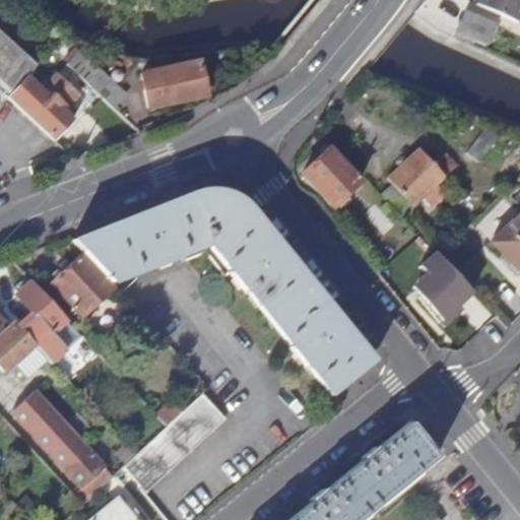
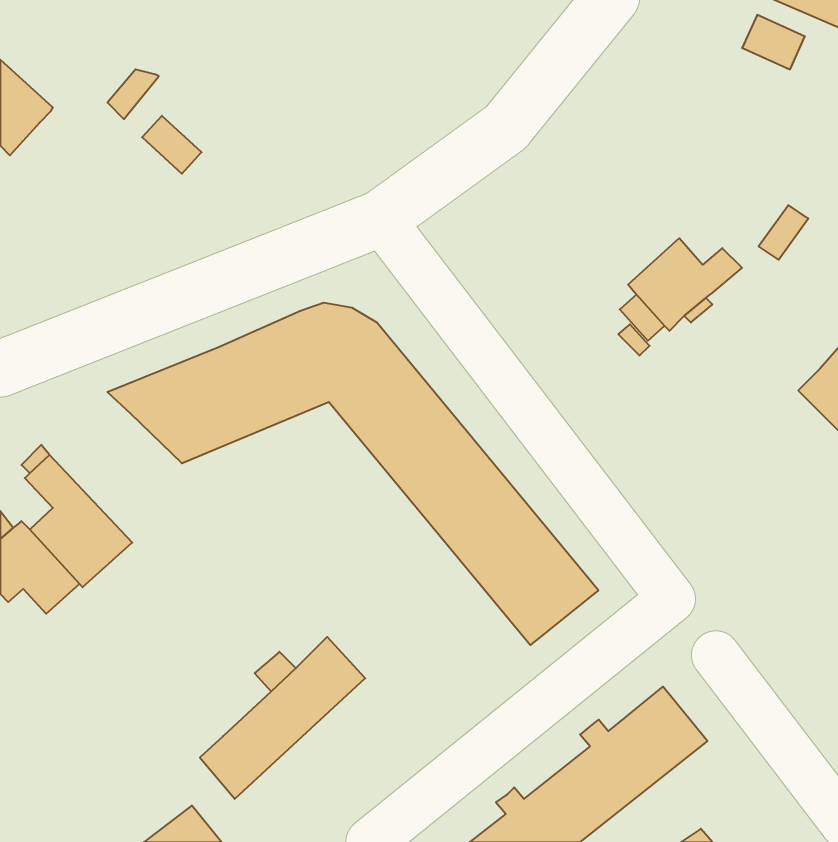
building: [144,61,209,107] -> none
building: [10,73,81,139] -> none
building: [305,146,363,204] -> none
building: [417,248,473,318] -> none
building: [54,254,116,313] -> none
building: [15,389,116,502] -> none

